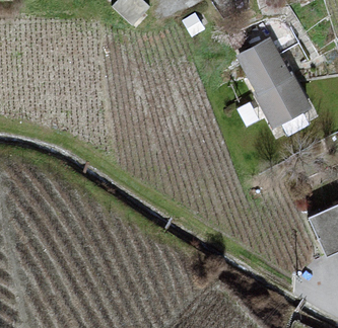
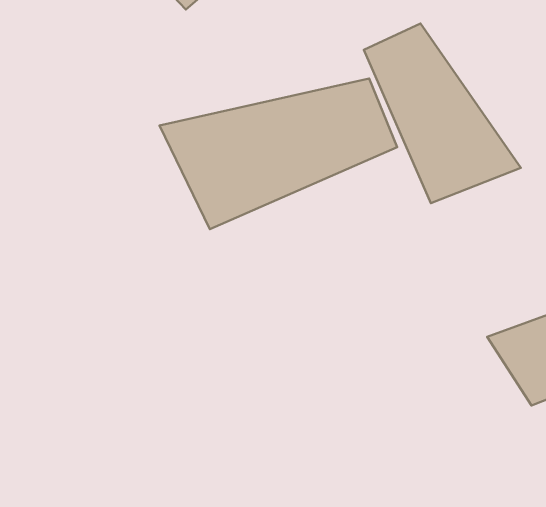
building: none -> [160,79,397,229]

